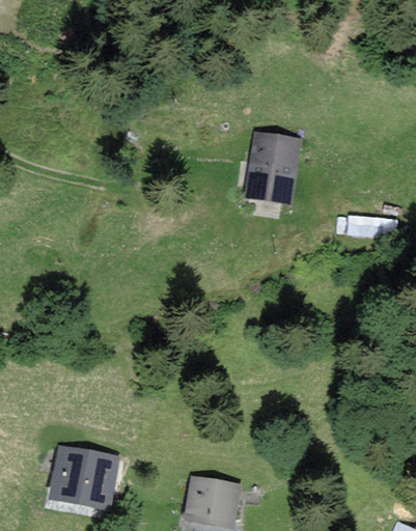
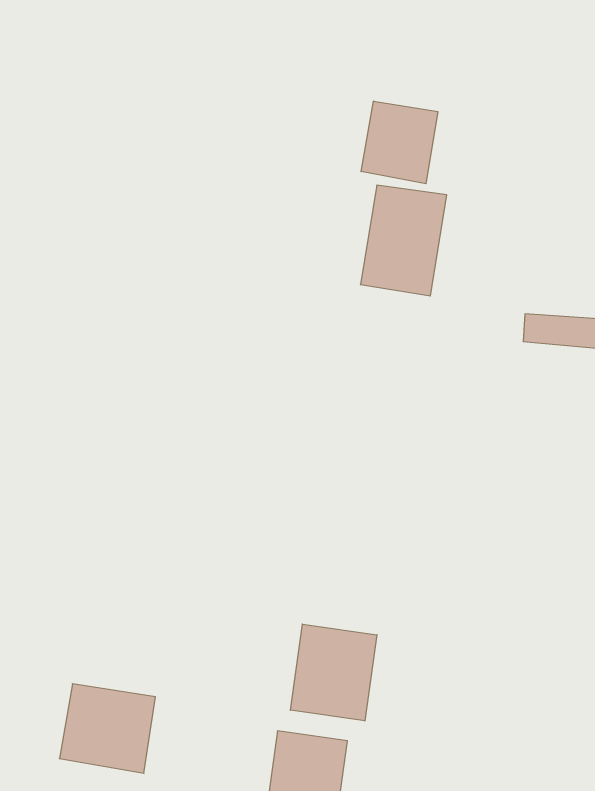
building: none -> [361,101,438,184]
building: none -> [290,624,377,721]

